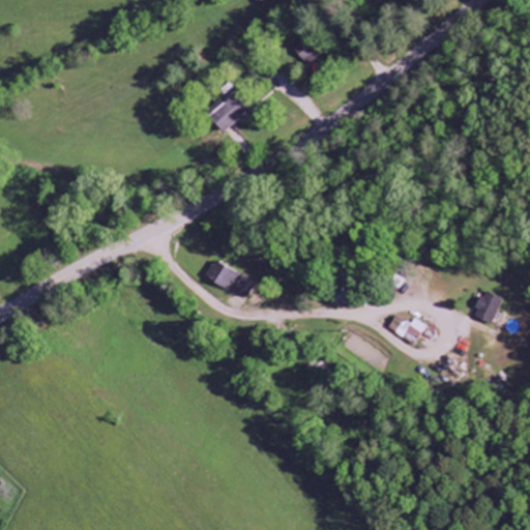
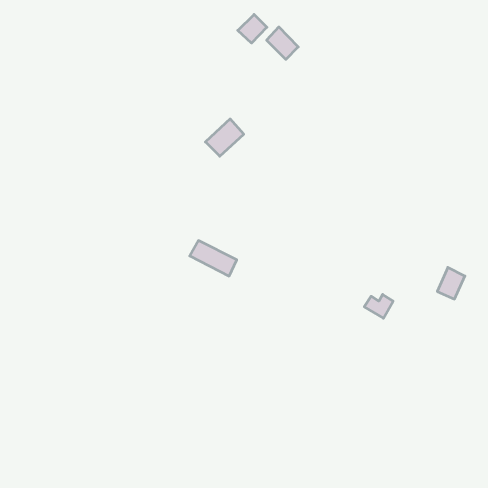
building: none -> [238,14,267,43]
building: [208,91,249,131] -> [205,119,244,156]

